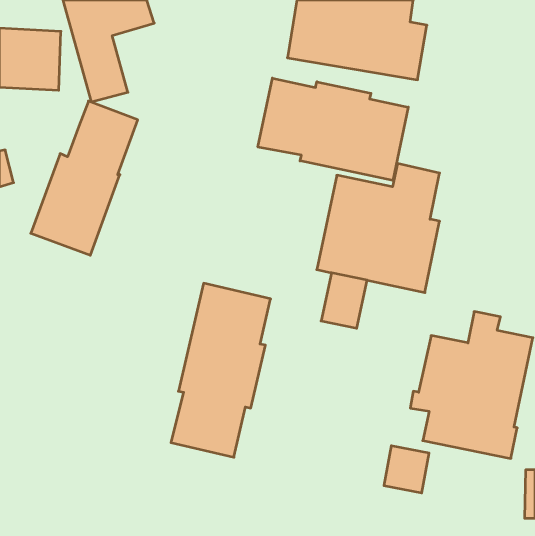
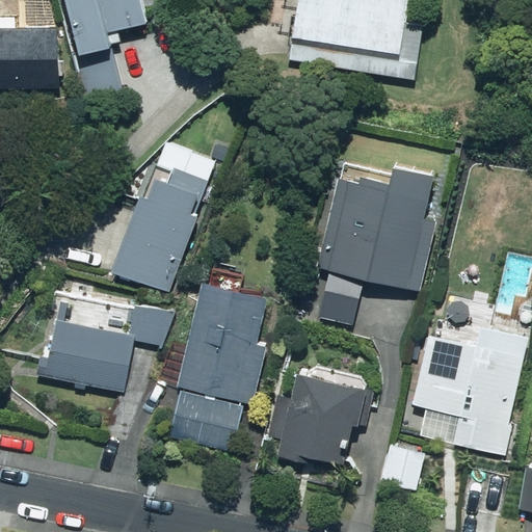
building: [258,78,408,181] -> none
building: [31,101,138,255] -> [109,141,215,294]
building: none -> [46,302,171,390]
building: none -> [265,372,367,462]

